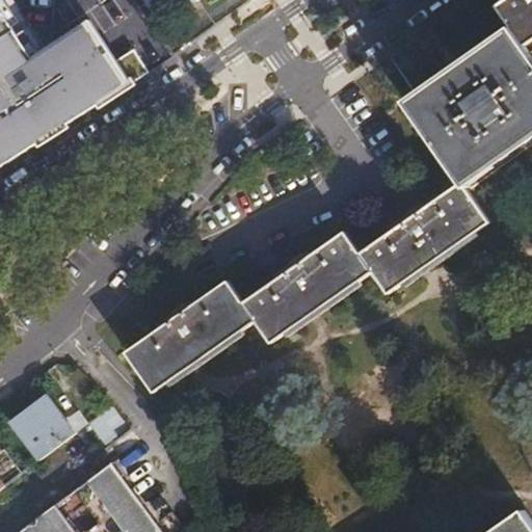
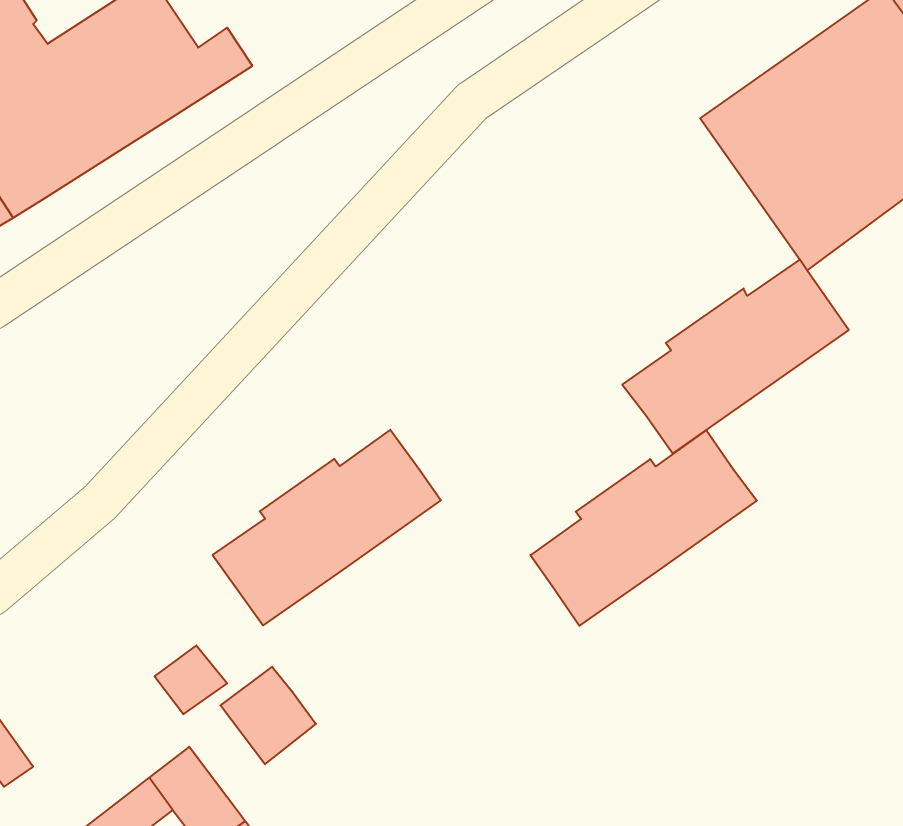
building: [241,233,371,345] -> [530,430,757,626]
building: [8,395,74,461] -> none
building: none -> [220,667,316,764]

